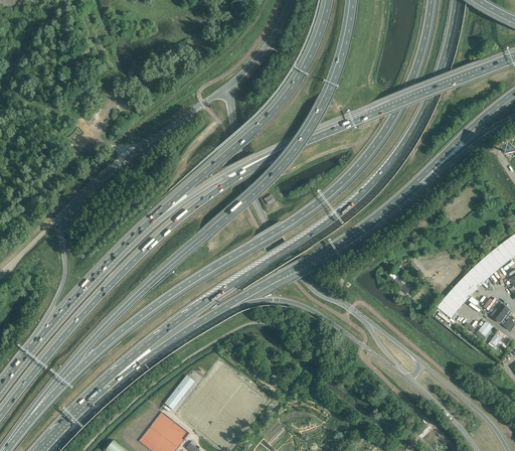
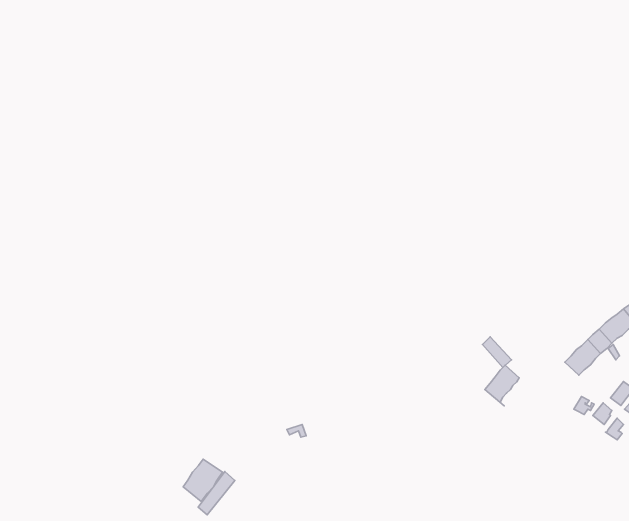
building: [439,288,466,320] -> [485,365,519,406]
building: none -> [183,459,223,501]

